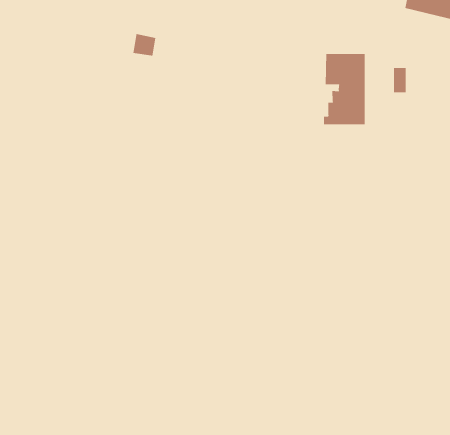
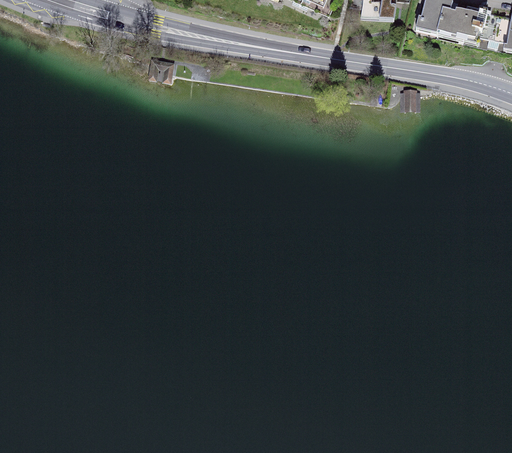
building: [323,53,365,125] -> none

